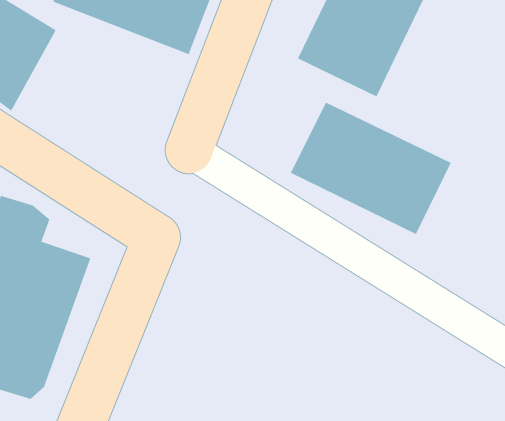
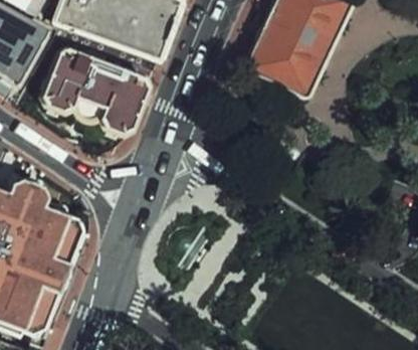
building: none -> [38,46,146,139]
building: [290,102,451,235] -> none

